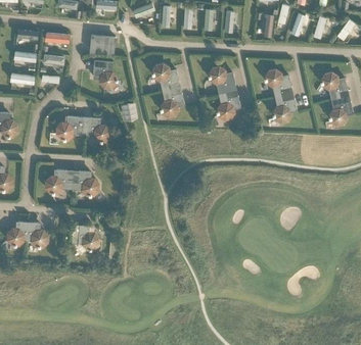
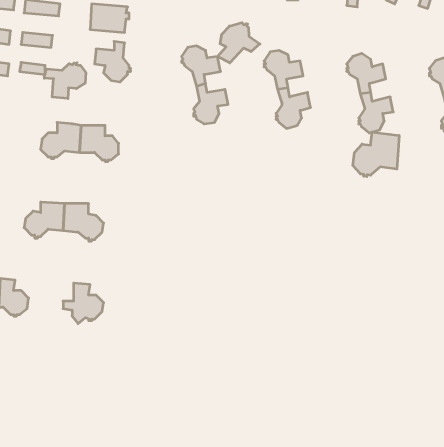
building: none -> [218,23,260,63]
building: none -> [44,63,86,99]
building: none -> [353,132,399,177]

